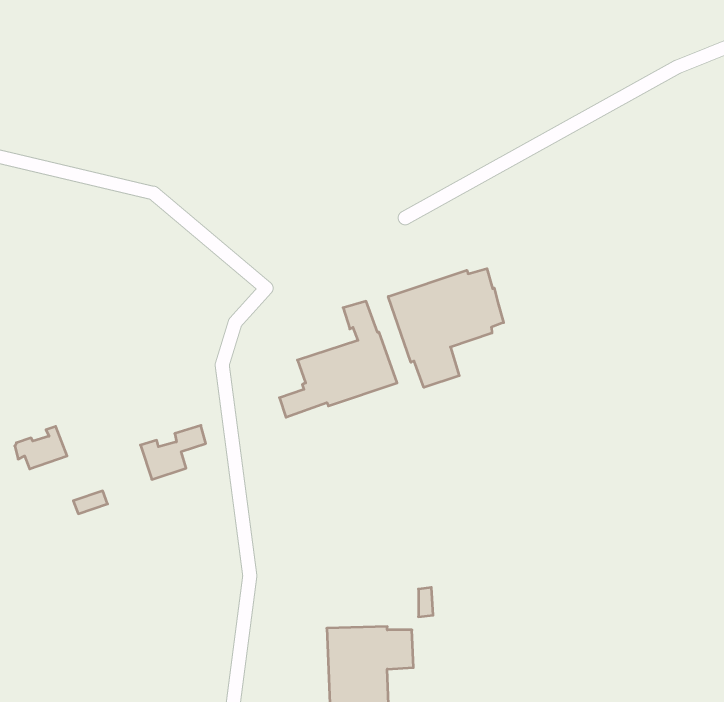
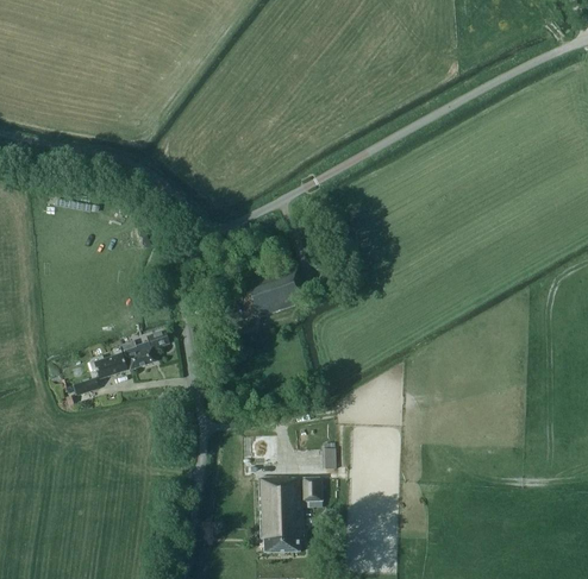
building: [388,269,504,387] -> none
building: [15,426,67,469] -> [89,348,127,379]

